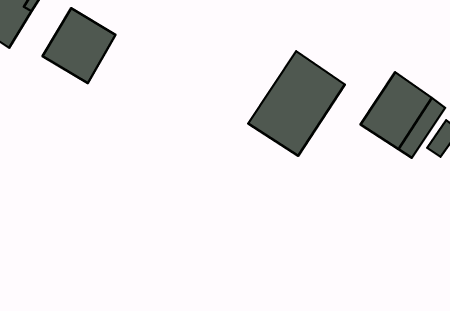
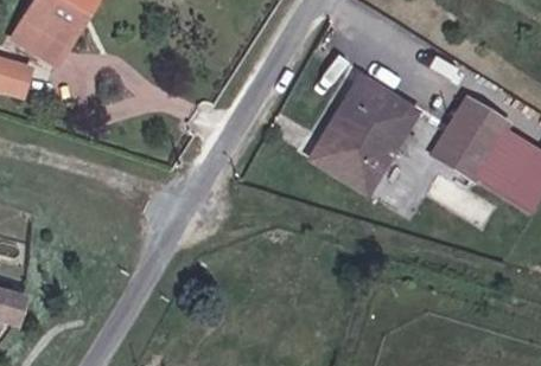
building: [42,8,116,83] -> none

